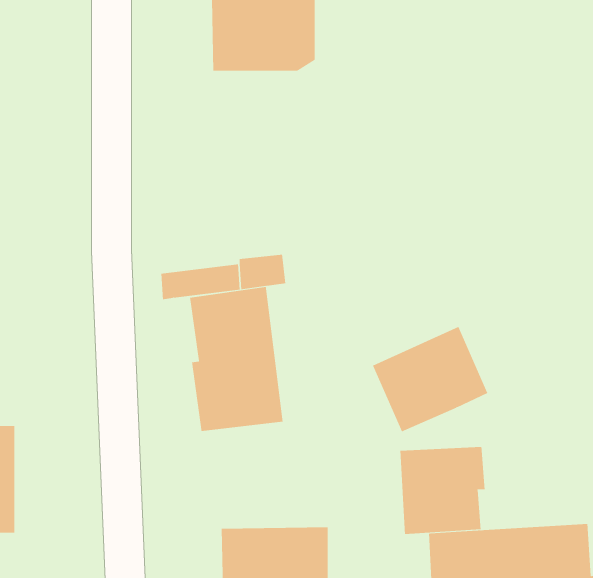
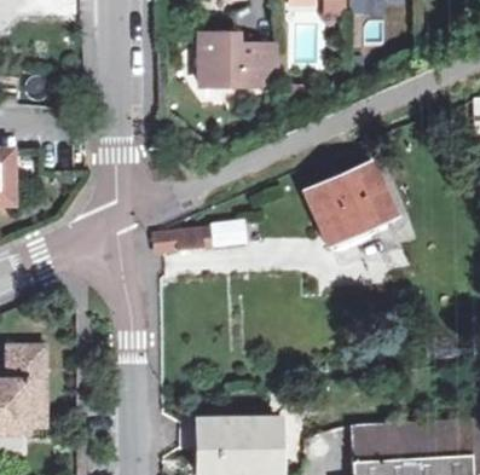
building: [190,286,283,432] -> none
building: [372,326,488,432] -> [307,163,393,242]
building: [400,446,485,535] -> none

